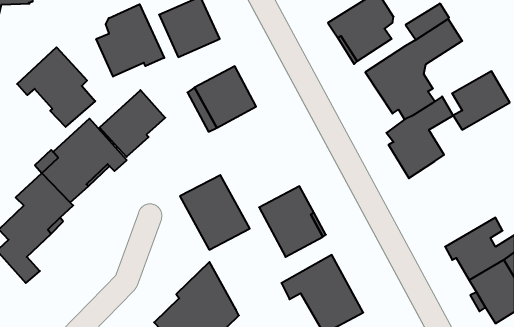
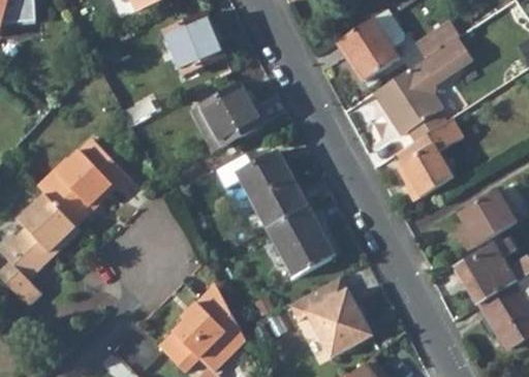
building: [96,4,164,77] -> none
building: [17,47,95,127] -> none
building: [452,71,510,130] -> [459,190,518,250]
building: [99,90,165,157] -> none
building: [180,175,250,250] -> [236,153,307,229]

